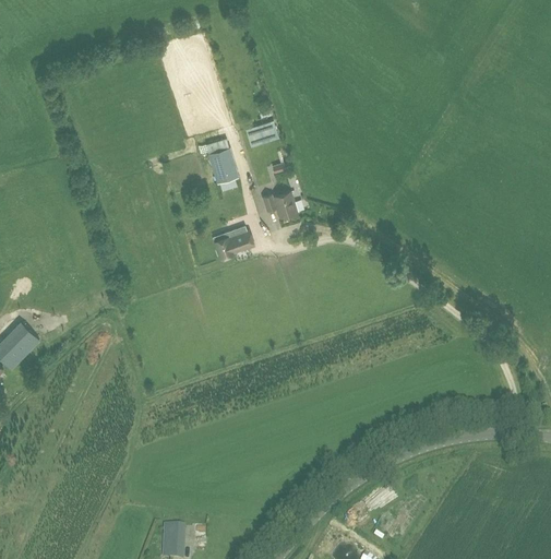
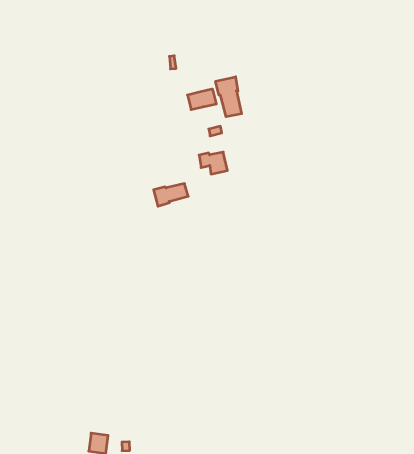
building: none -> [216,77,242,117]
building: [207,147,238,183] -> none

